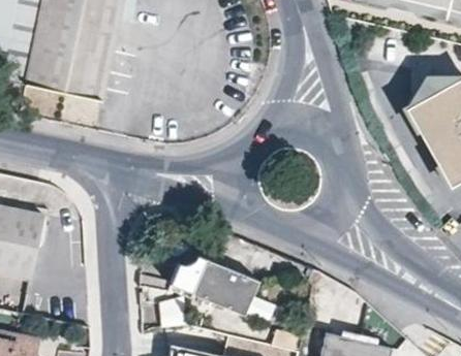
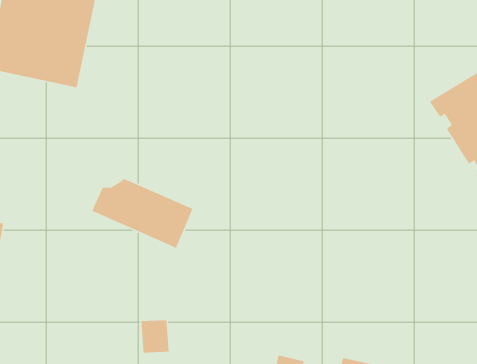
building: [168,253,255,313] -> [91,178,194,249]

